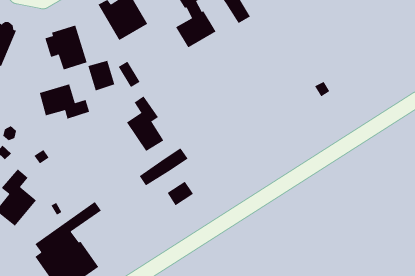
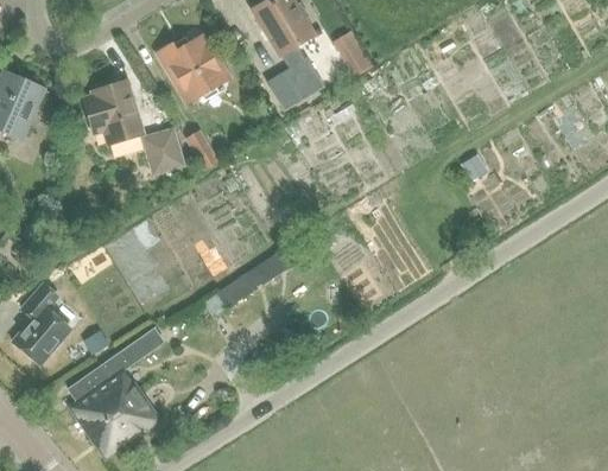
building: [39,83,90,119] -> none
building: [126,95,164,152] -> none
building: [167,181,194,206] -> none

